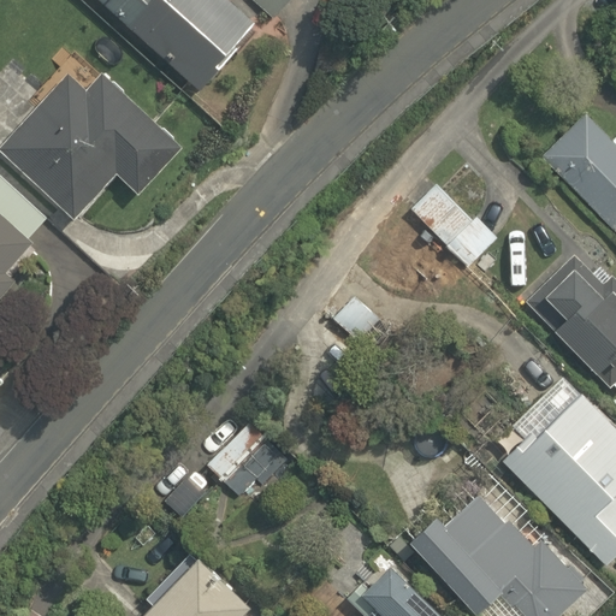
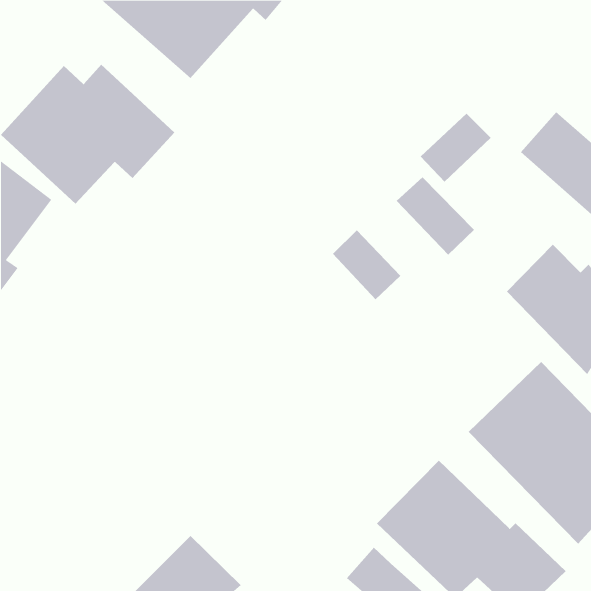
building: none -> [420,113,491,182]
building: none -> [332,229,401,300]
building: [207,421,290,498] -> none

